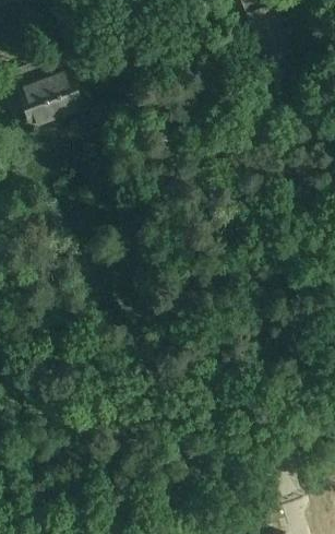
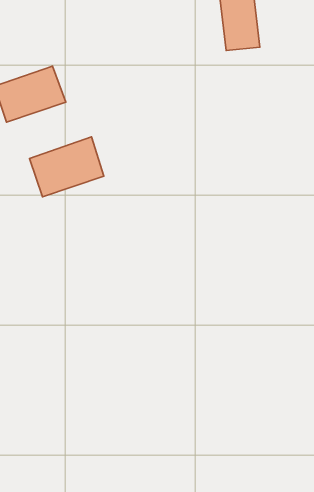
building: none -> [29,137,104,197]

